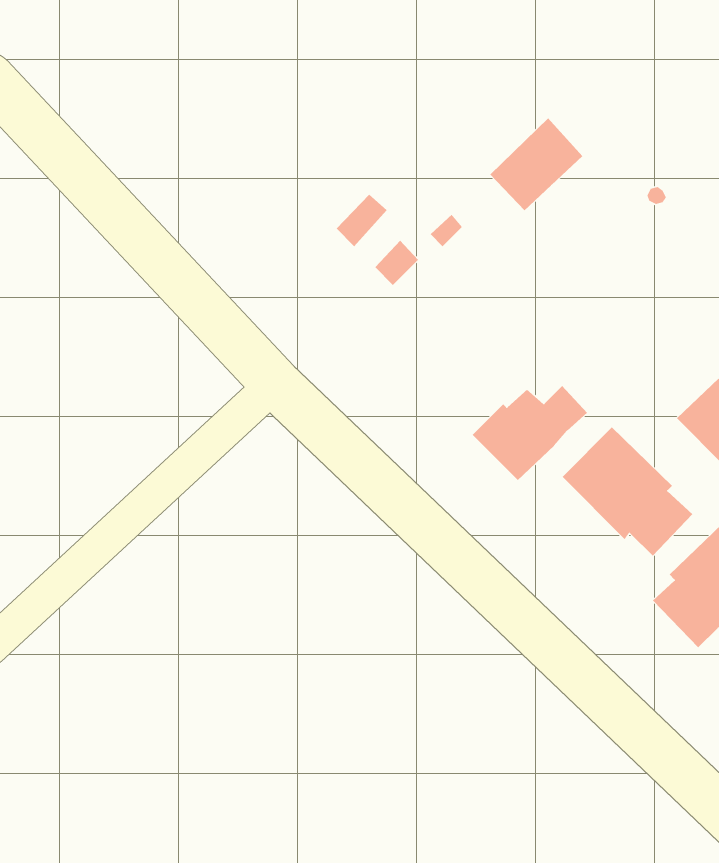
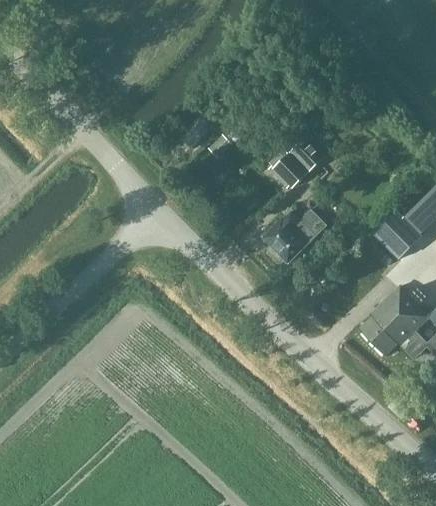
building: [489,117,583,211] -> [273,135,324,186]
building: [562,427,693,557] -> none

